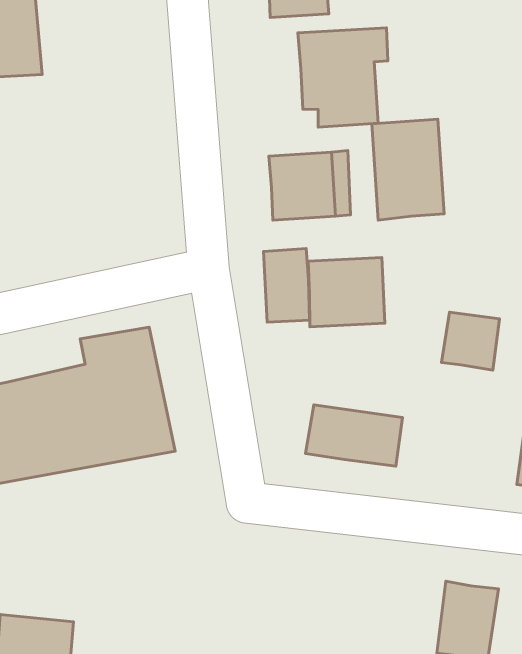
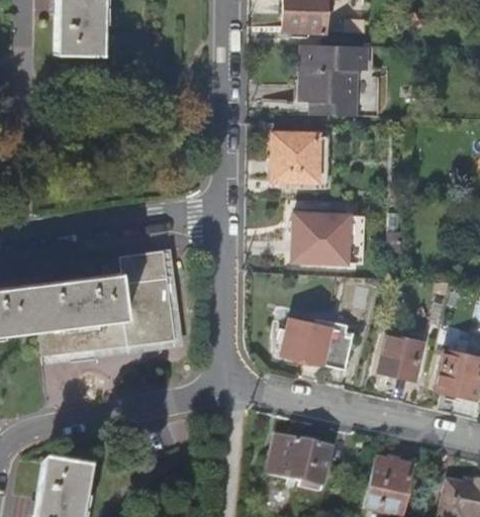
building: [372,119,444,220] -> none
building: [264,249,310,322] -> none
building: [442,312,499,370] -> [376,334,421,380]
building: none -> [267,435,330,486]

